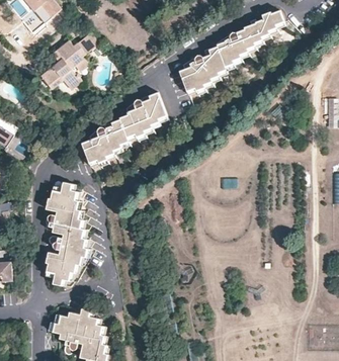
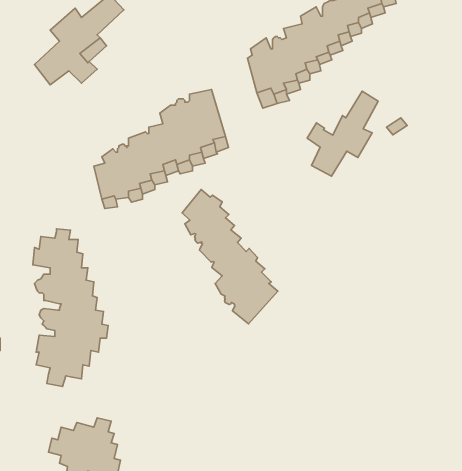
building: none -> [307,91,378,176]
building: none -> [182,189,278,324]

